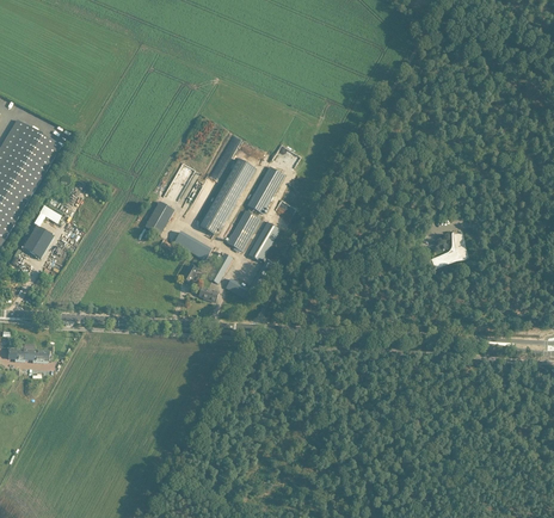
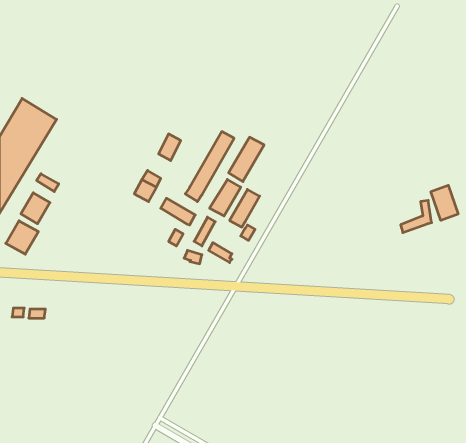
building: none -> [431,185,458,220]
building: none -> [6,221,38,254]

